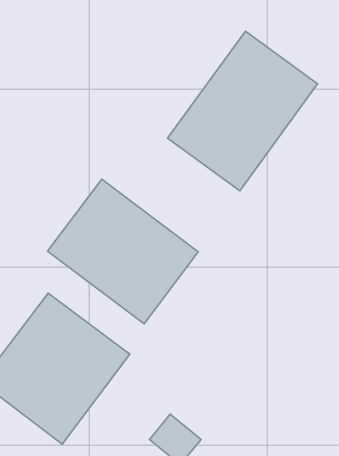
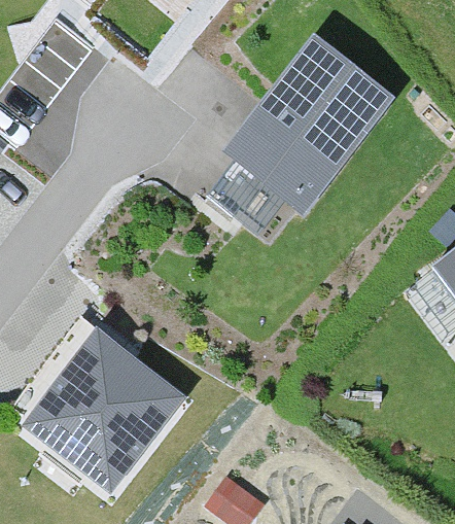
building: [48,179,198,324] -> none

